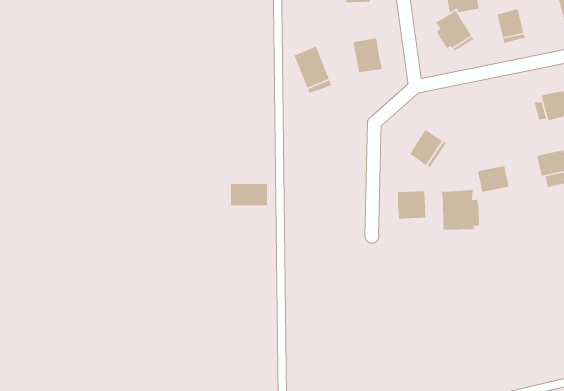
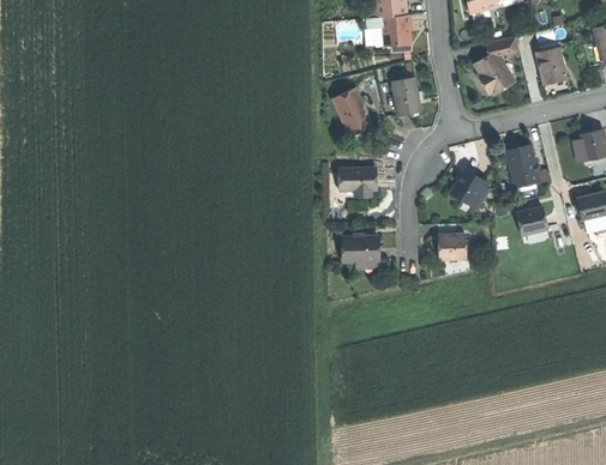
building: none -> [505,146,538,188]
building: none -> [349,168,377,194]
building: [230,183,268,206] -> [340,238,377,261]
building: [441,189,480,230] -> none

